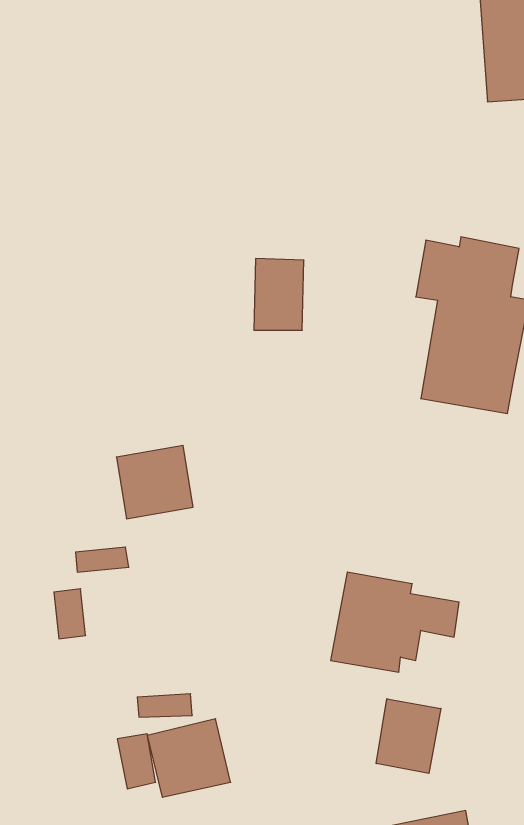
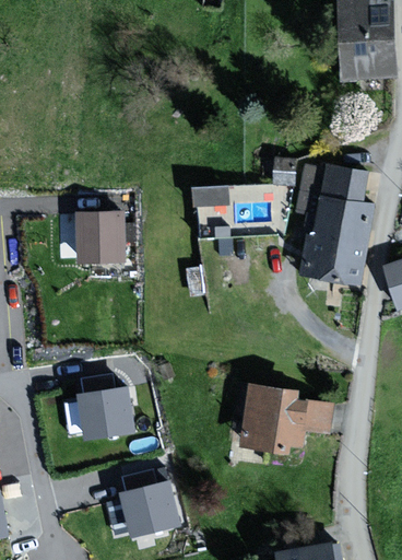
building: none -> [80,213,119,259]
building: [116,445,193,519] -> [82,388,132,436]
building: [376,699,441,773] -> none

